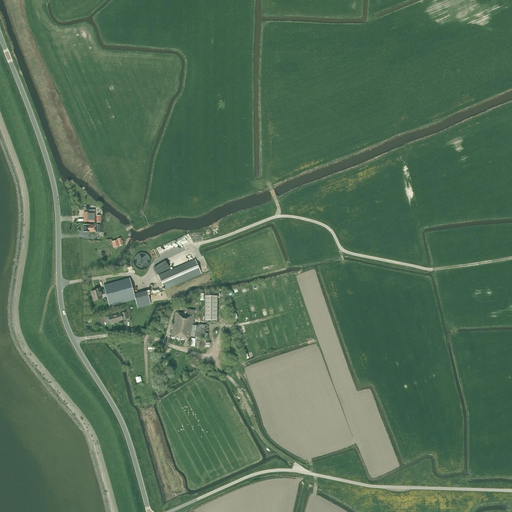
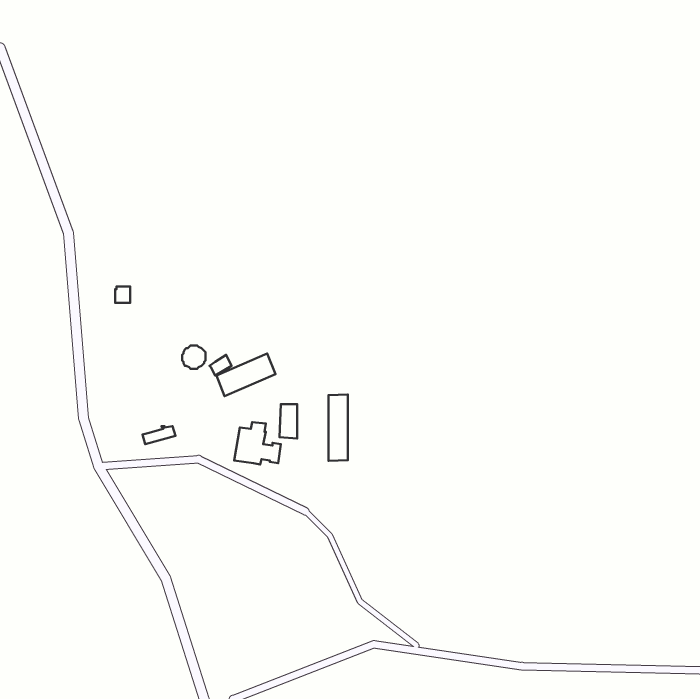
building: [91,277,150,307] -> none
building: none -> [329,395,348,461]

